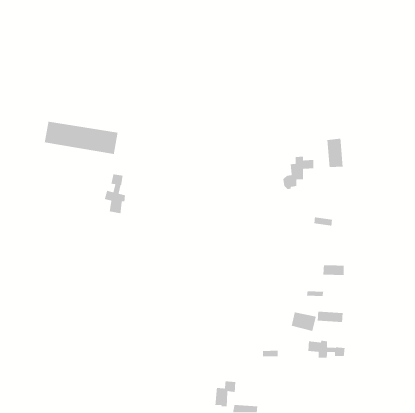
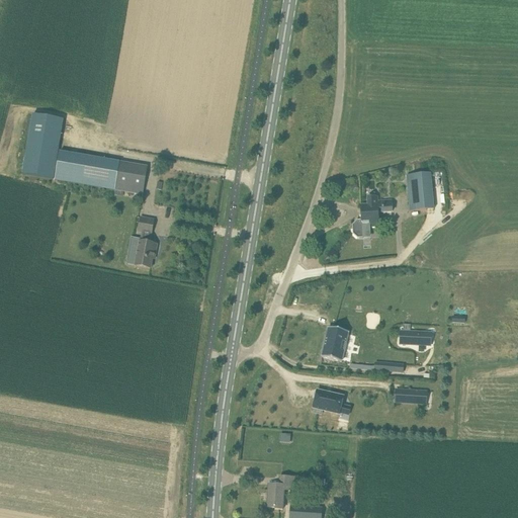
building: none -> [23,112,63,178]
building: none -> [322,326,349,360]
building: [291,311,317,332] -> [313,388,345,414]
building: [308,340,346,359] -> none

